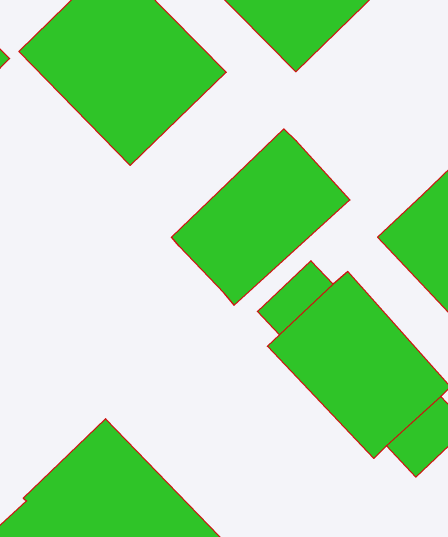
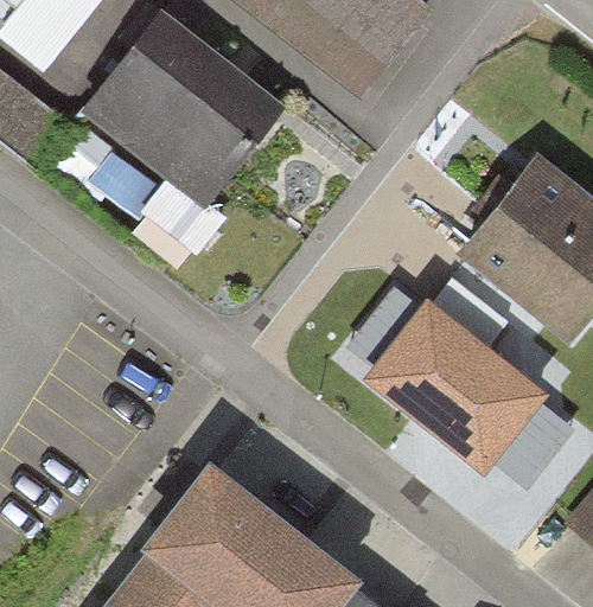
building: [171,129,350,305] -> none

